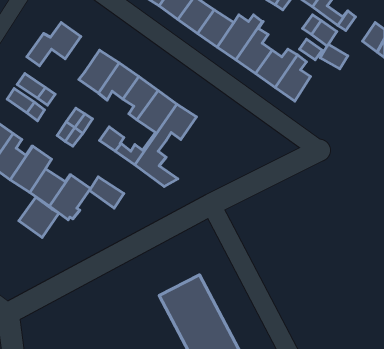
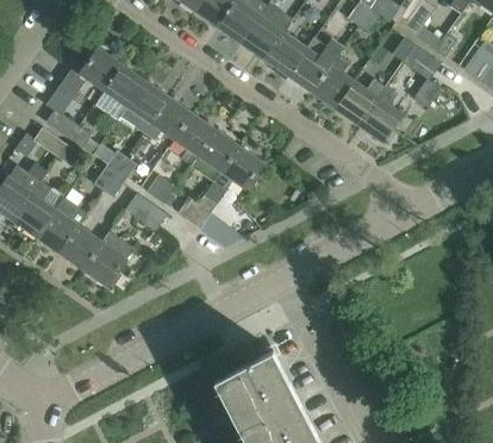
building: none -> [102,63,144,106]
building: [89,177,124,208] -> [124,193,166,231]
building: [19,197,59,238] -> none

